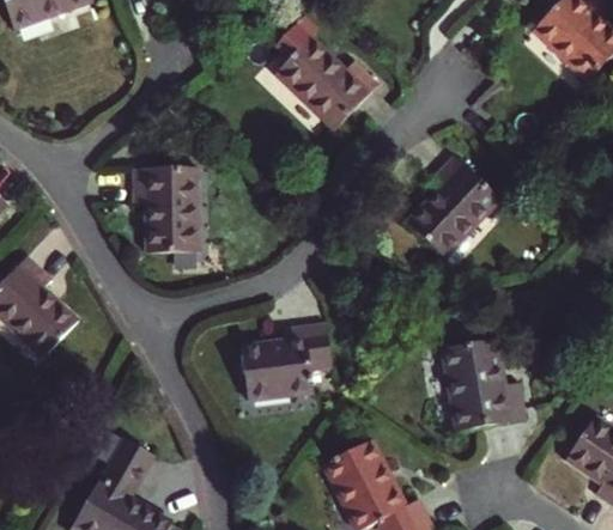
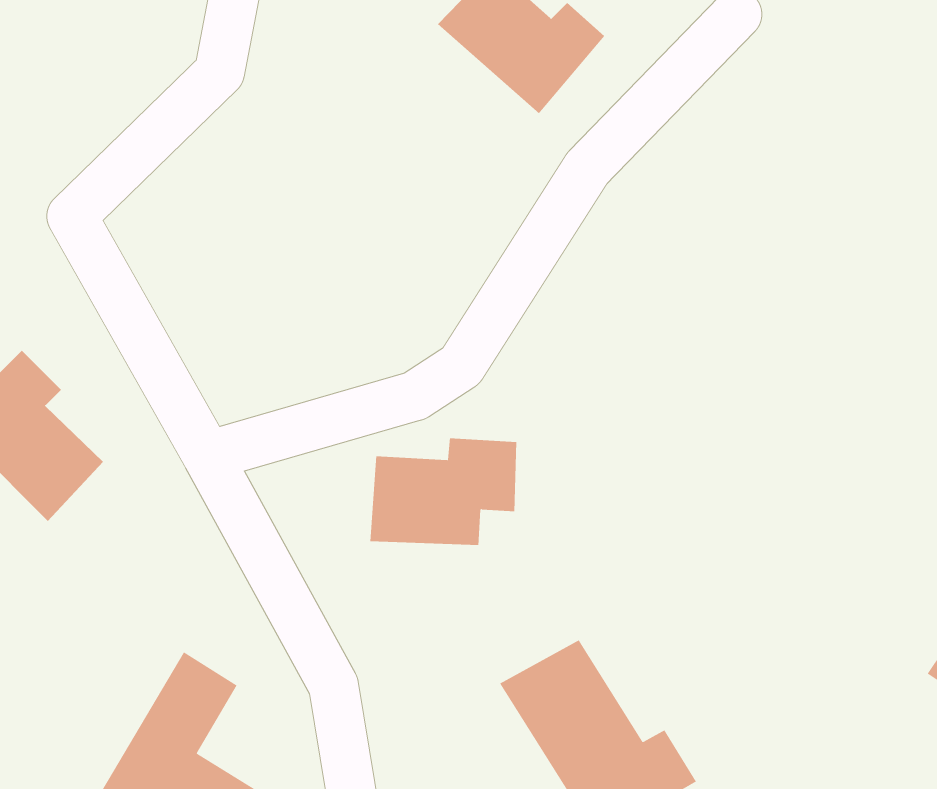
building: [417,151,504,252] -> none
building: [135,171,201,255] -> none
building: [430,346,515,439] -> none

